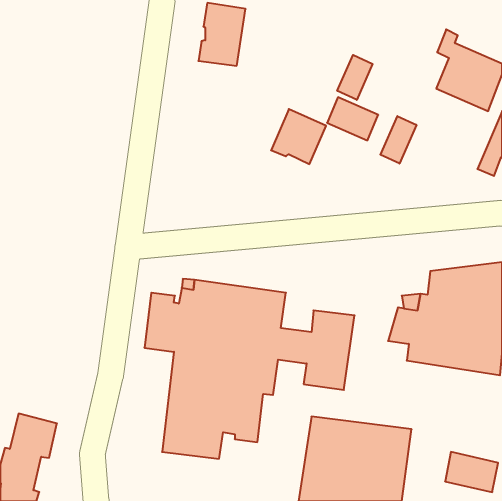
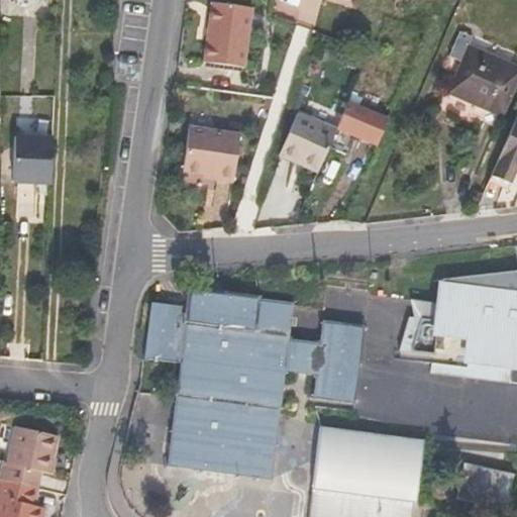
building: [337,55,373,100] -> none
building: [380,116,416,164] -> none
building: none -> [184,129,240,184]
building: none -> [18,137,53,183]
building: none -> [225,405,281,478]

